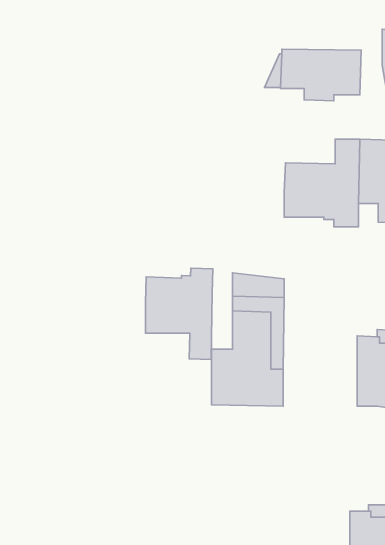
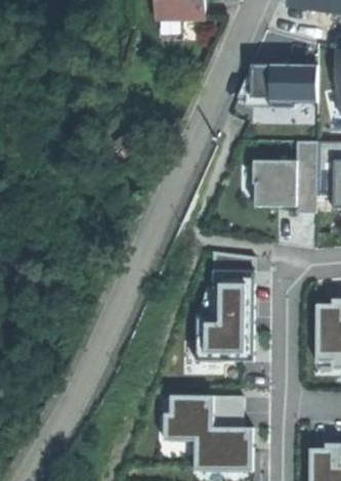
building: [145,268,213,360] -> none
building: none -> [163,394,253,470]

